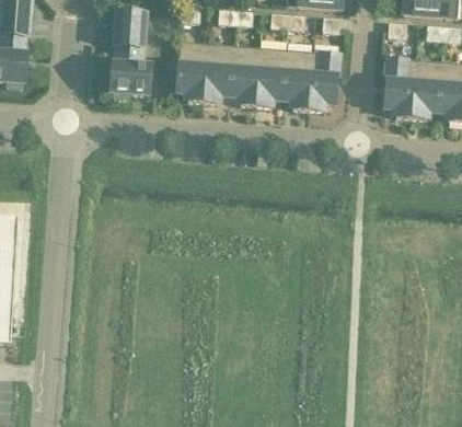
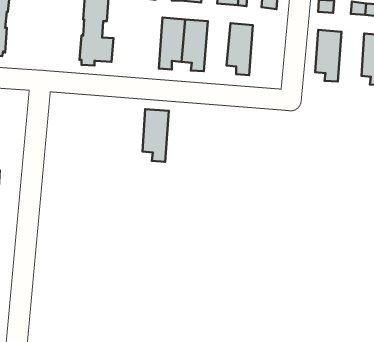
building: [176,41,207,102] -> [143,109,169,162]
building: [255,47,286,106] -> none
building: [308,51,338,111] -> none
building: [411,59,441,118] -> none

